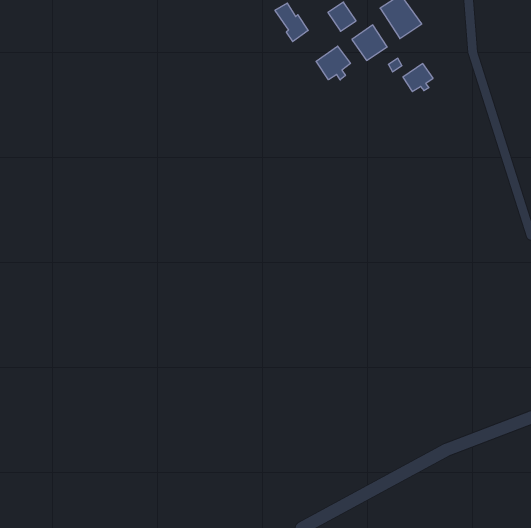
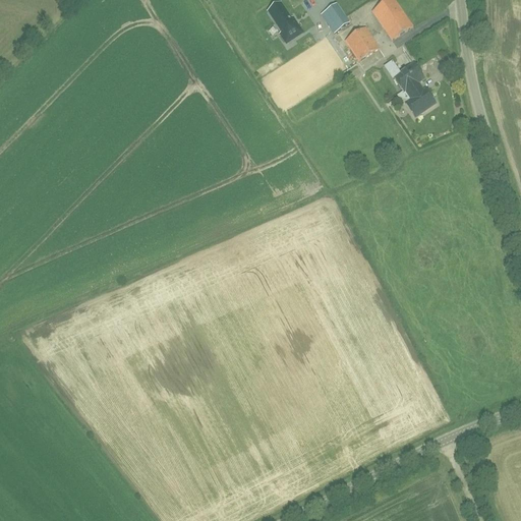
building: [316,46,350,80] -> none
building: none -> [403,84,433,114]

